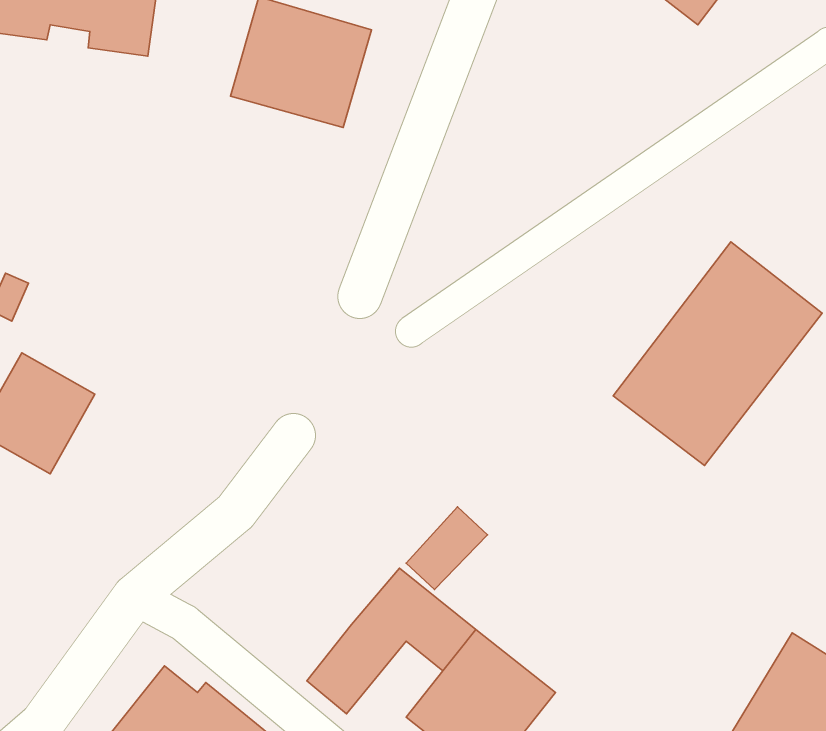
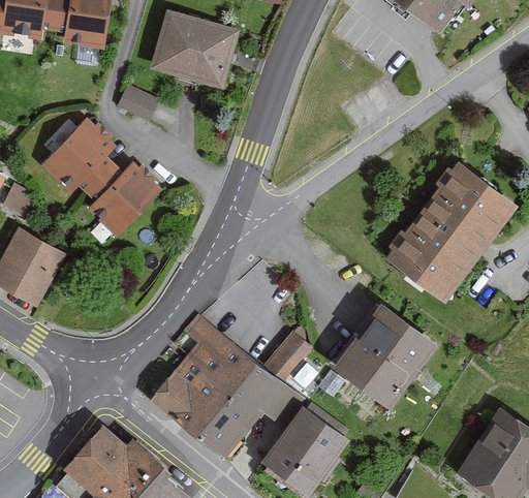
building: none -> [114,82,155,118]
building: none -> [37,120,156,236]
building: none -> [330,303,434,407]
building: none -> [155,315,255,435]

